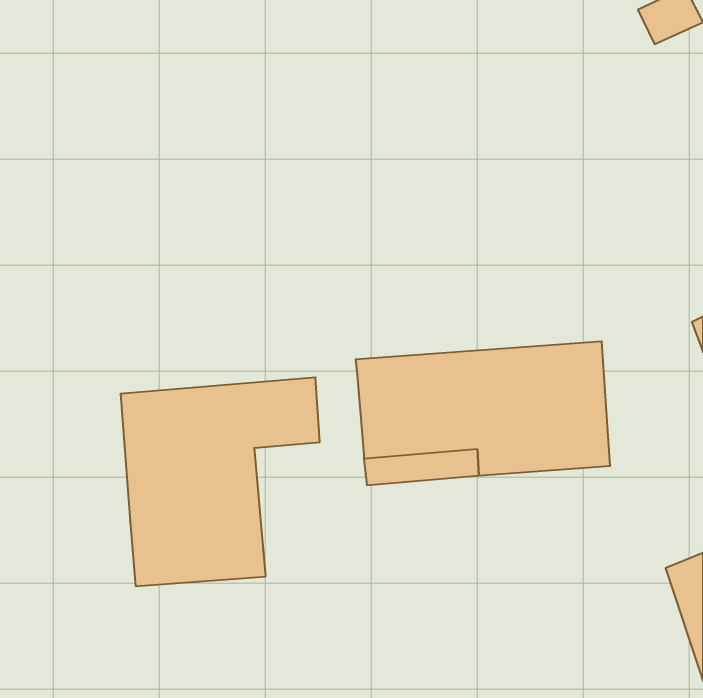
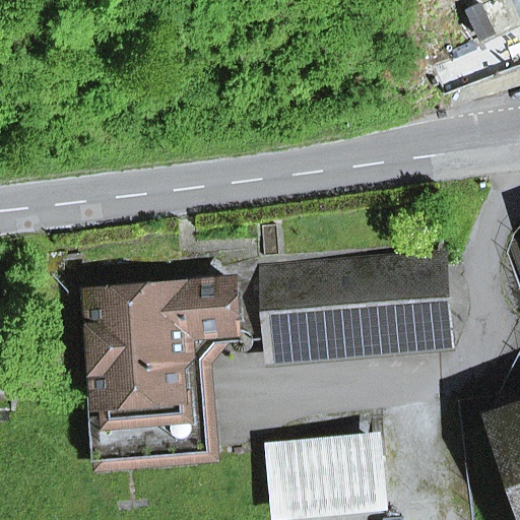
building: none -> [84,275,267,457]
building: none -> [272,435,377,506]

